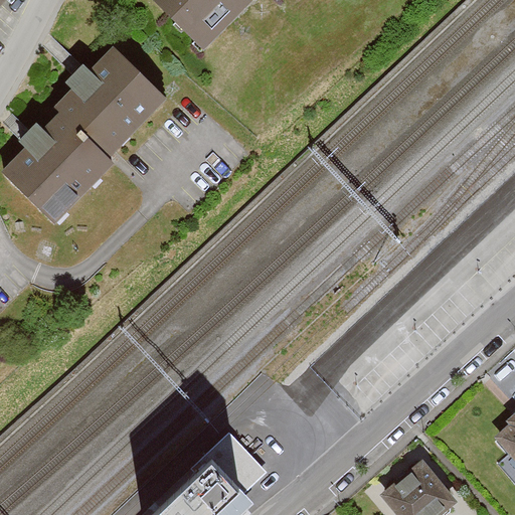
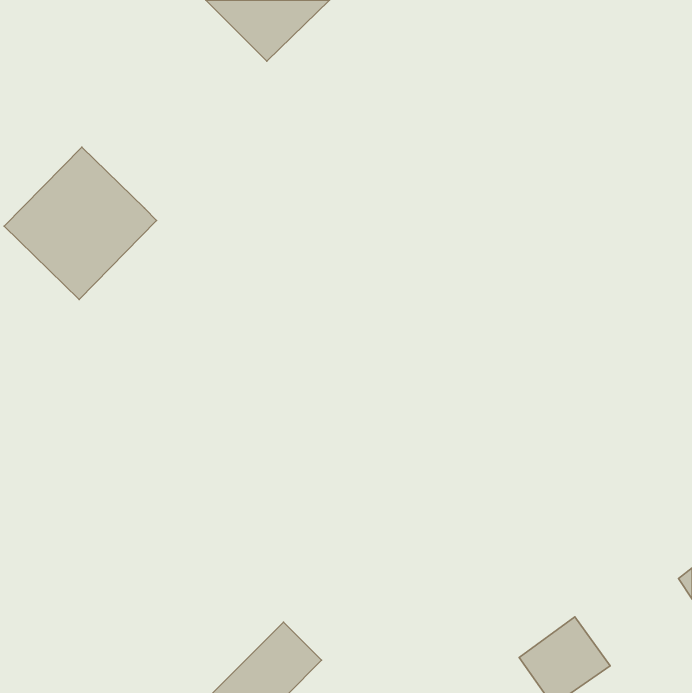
building: [54,45,165,156] -> none
building: [209,444,255,490] -> none

